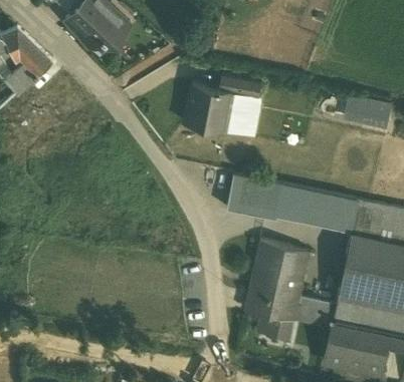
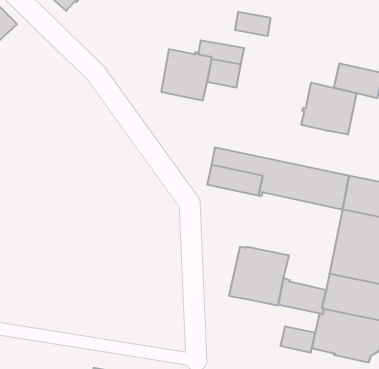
building: none -> [235,12,271,36]
building: none -> [301,82,356,135]
building: [254,242,307,276] -> none
building: [259,316,291,340] -> [280,326,315,353]

